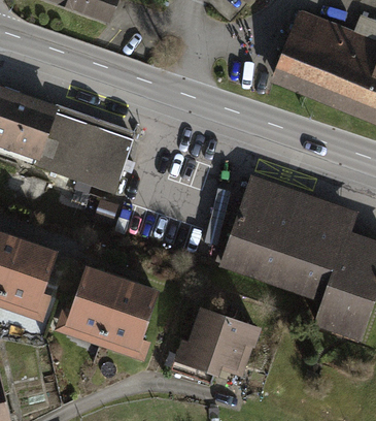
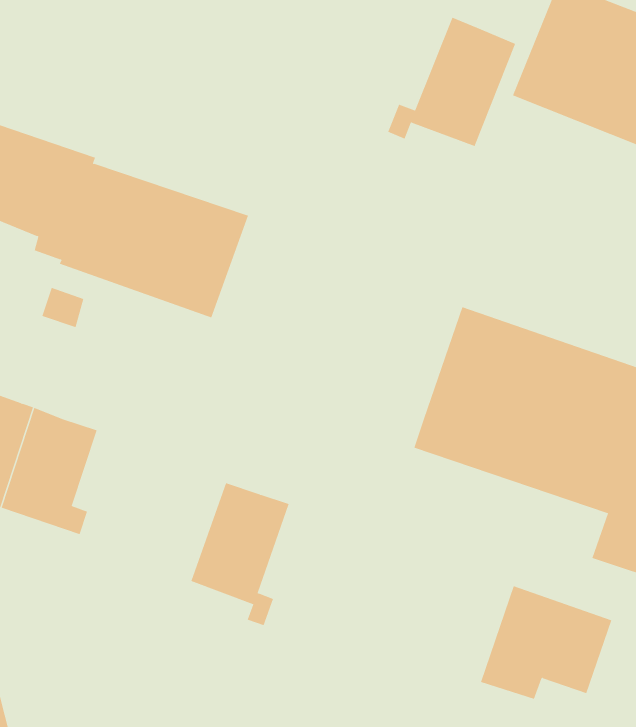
building: none -> [388,17,516,147]
building: [59,269,121,334] -> none
building: [184,311,254,371] -> [480,585,612,700]

